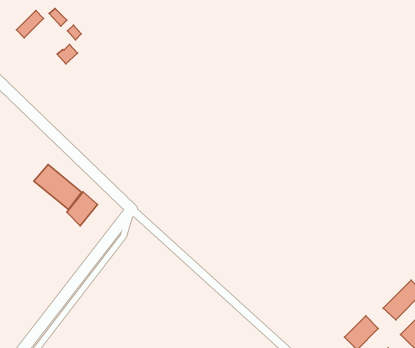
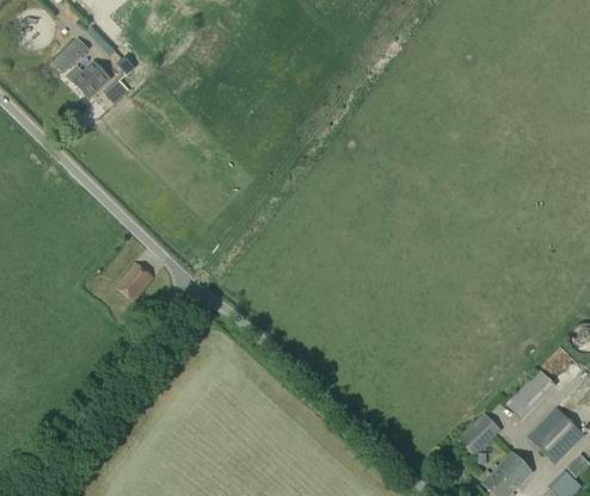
building: none -> [67,62,110,99]
building: [34,165,82,209] -> none

